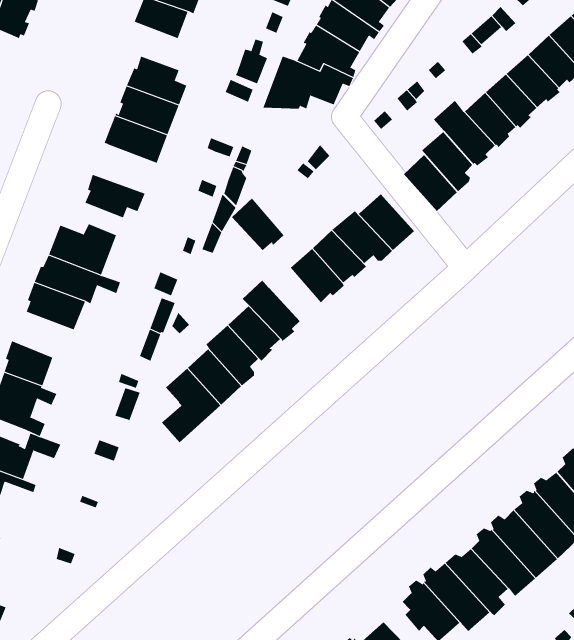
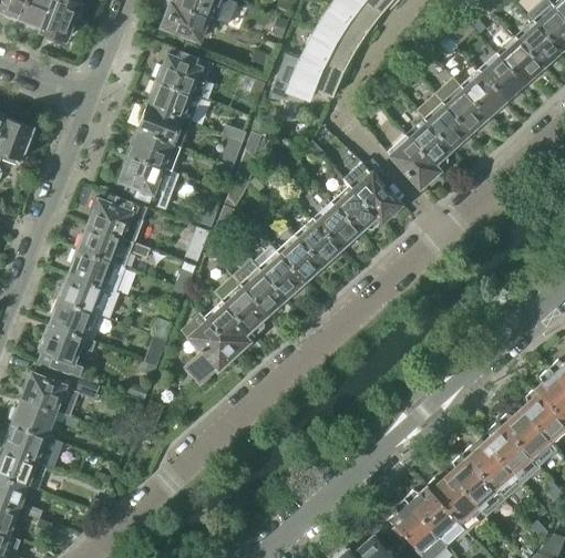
building: none -> [126,130,182,172]
building: [231,198,285,251] -> [277,235,322,280]
building: none -> [58,272,111,311]

